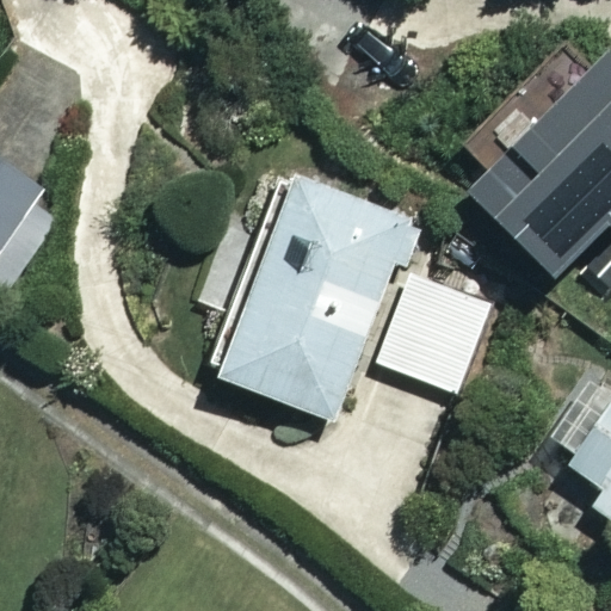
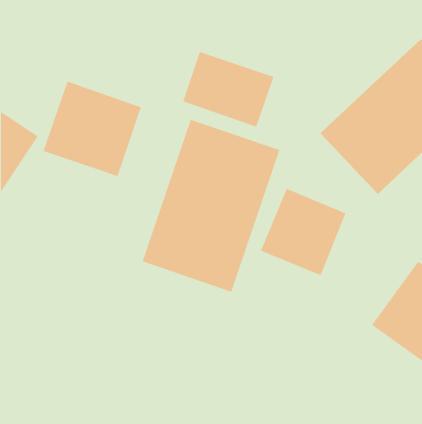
building: none -> [182,51,274,128]
building: none -> [43,81,141,177]

